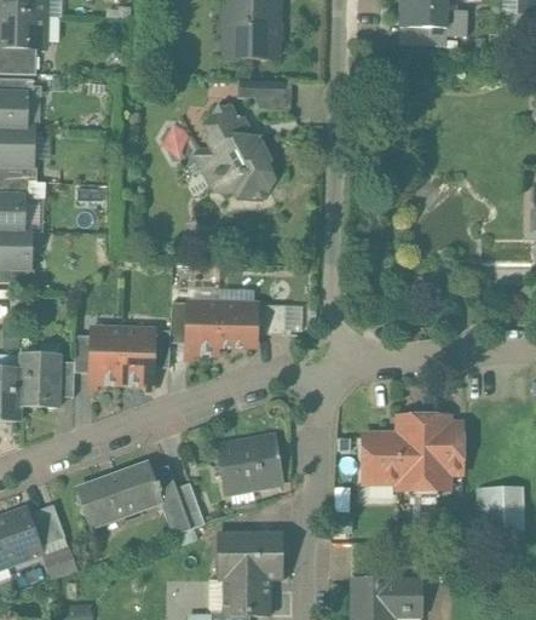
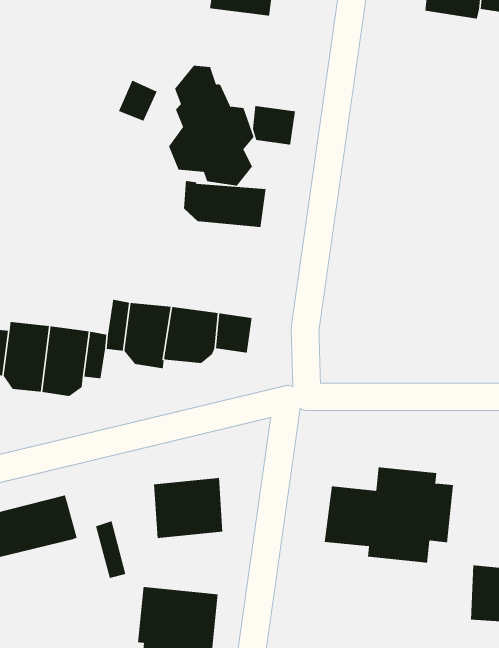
building: [255,80,289,109] -> [252,106,296,145]
building: none -> [184,180,266,228]
building: [151,464,191,534] -> none

